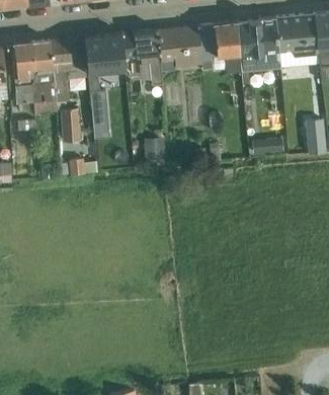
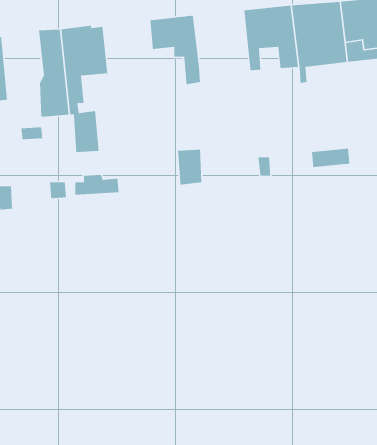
building: [157,26,201,73] -> none
building: [84,34,125,139] -> none
building: [12,43,35,113] -> none

